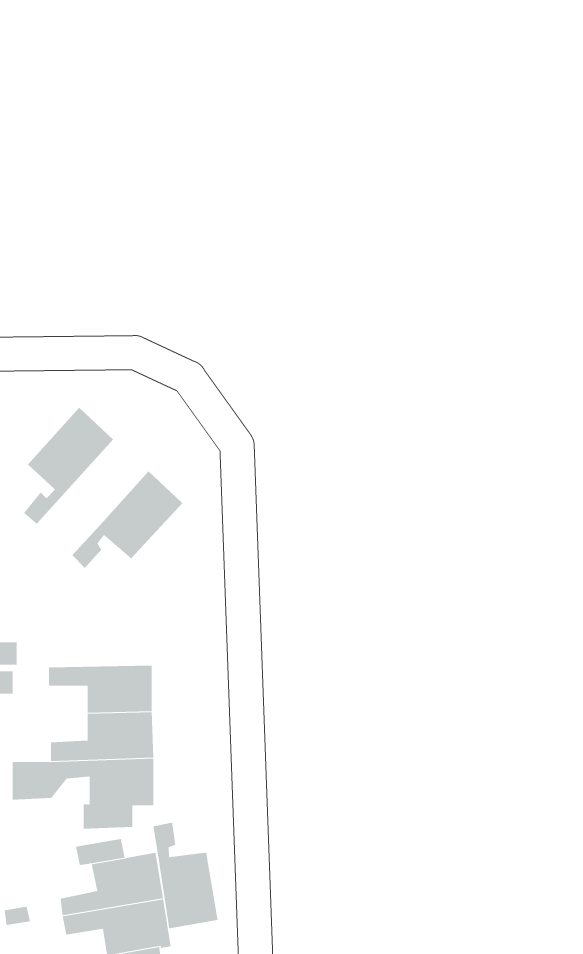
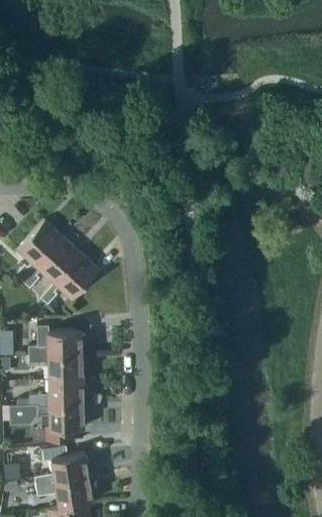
building: none -> [22,236,81,288]
building: none -> [28,329,83,355]
building: [153,822,218,929] -> none

